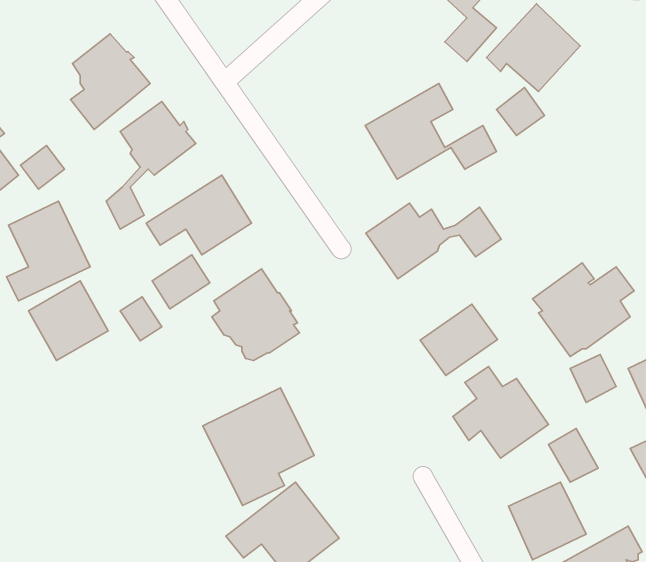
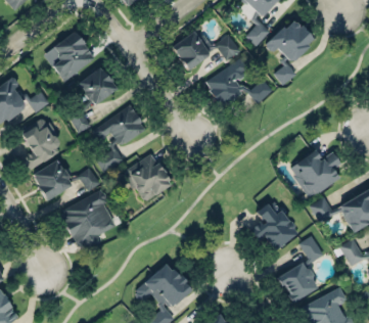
building: [366,203,501,279] -> [171,33,240,72]
building: [420,304,497,375] -> none
building: [203,388,314,505] -> [60,191,118,251]

